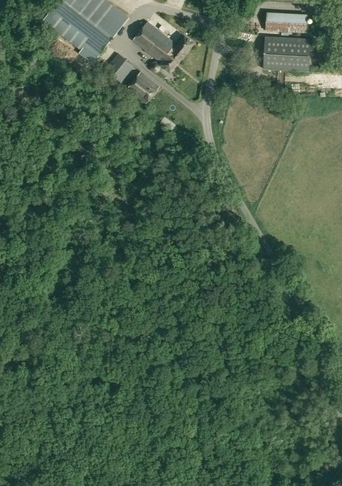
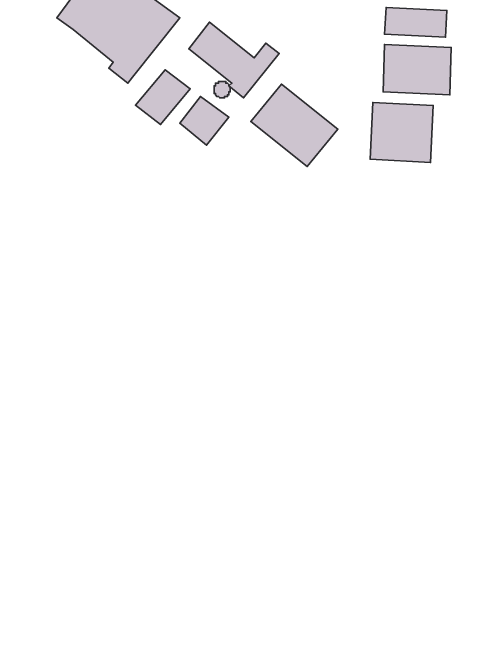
building: none -> [251,84,338,166]
building: none -> [370,102,433,162]

